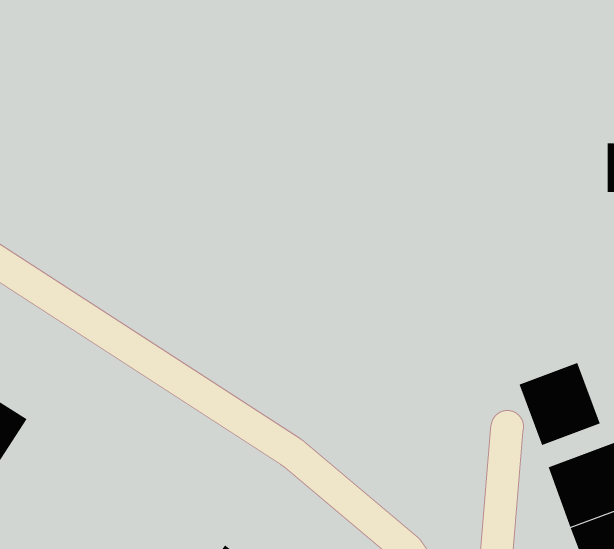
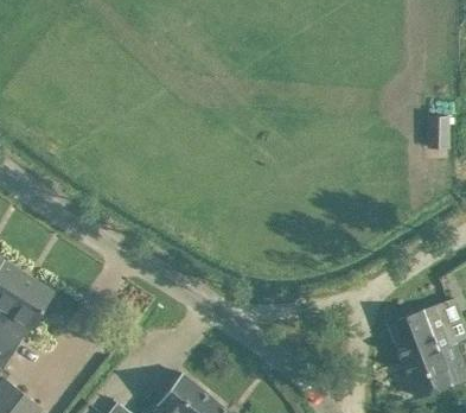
building: [519,362,600,446] -> none

